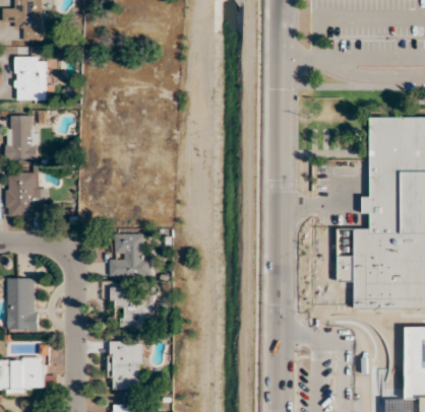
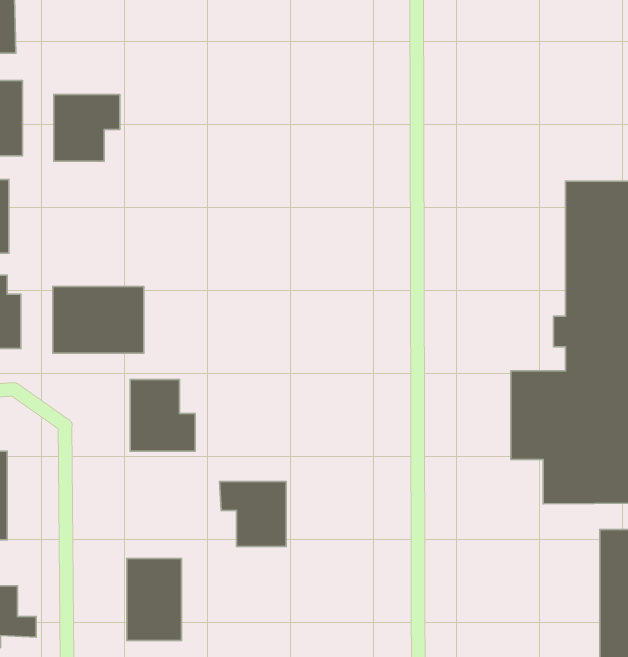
building: none -> [54,94,120,161]
building: none -> [53,287,144,353]
building: [111,290,150,329] -> [220,481,286,546]

